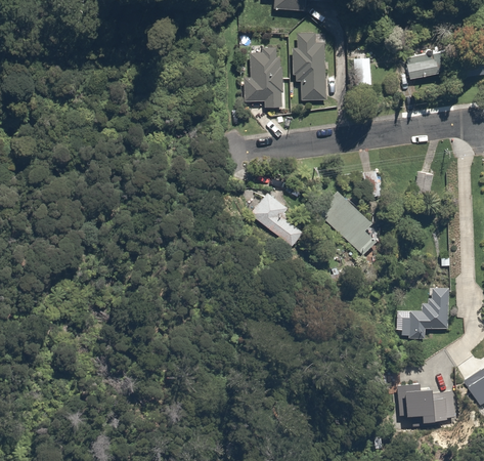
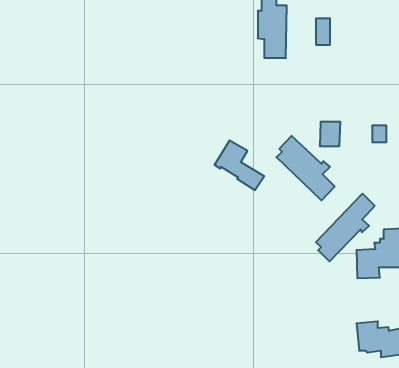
building: [244,45,283,104] -> none
building: [404,59,436,77] -> none
building: none -> [316,194,375,261]

